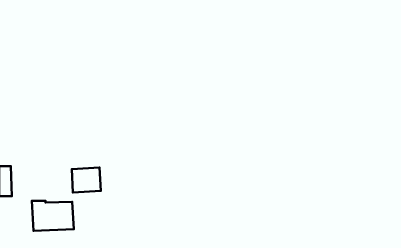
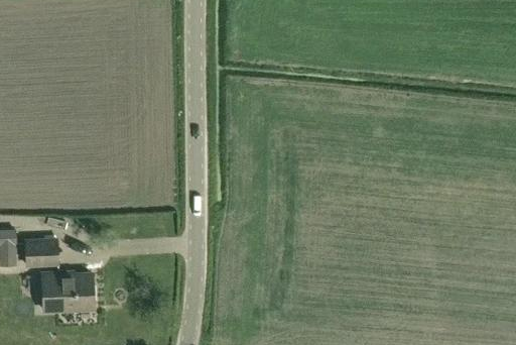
building: [72,167,101,192] -> [24,236,60,267]

